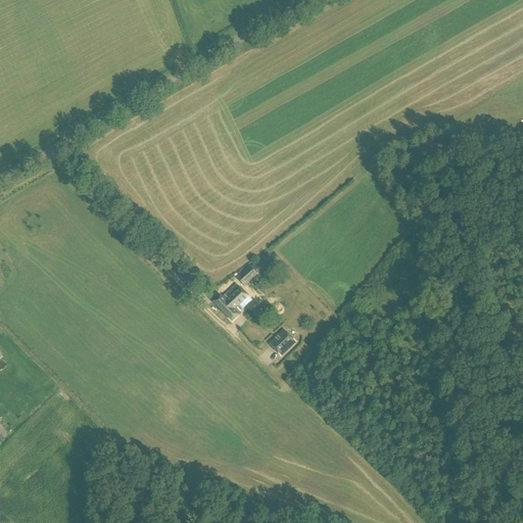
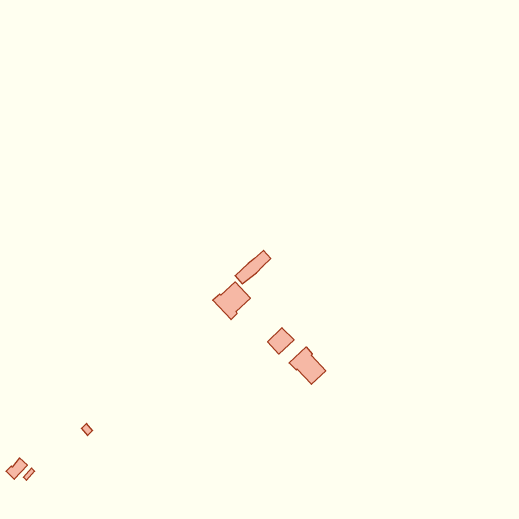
building: none -> [289,347,326,384]

